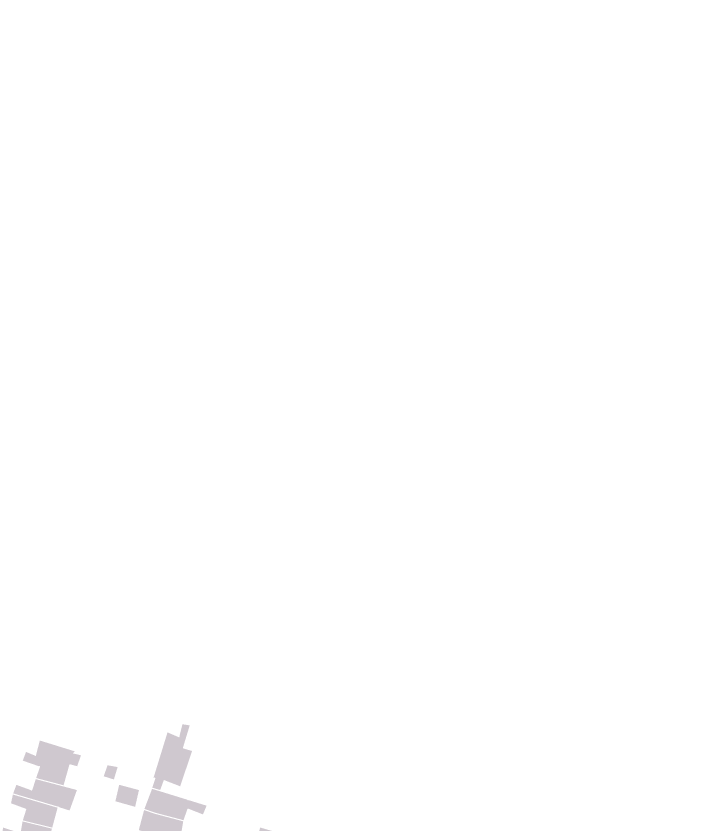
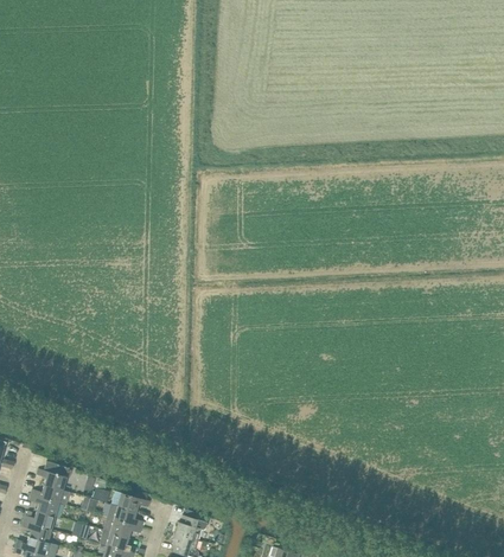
building: [151,724,193,791] -> none

